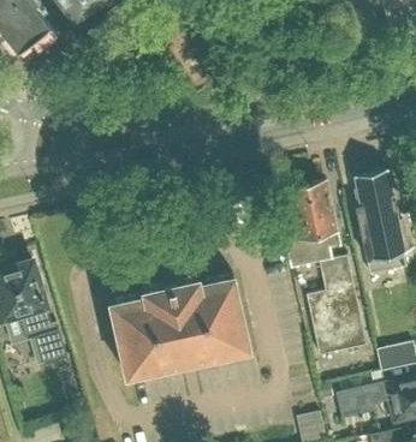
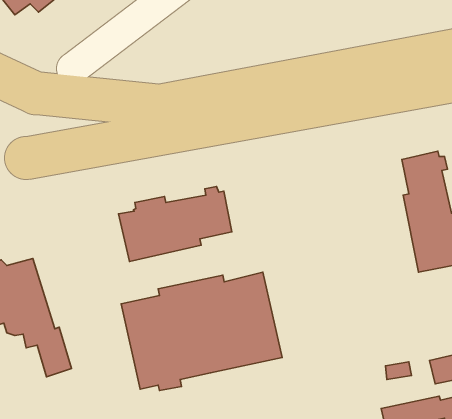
building: [284,180,368,356] -> none
building: none -> [119,186,232,261]

